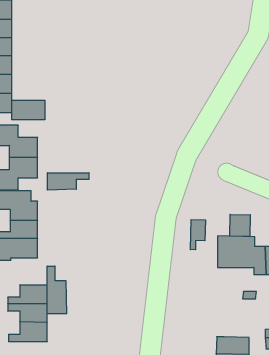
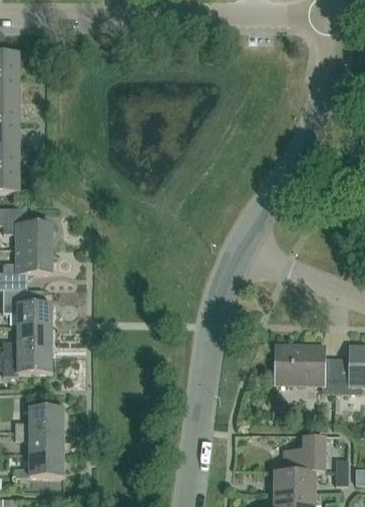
building: [12,100,45,120] -> none
building: [48,173,89,190] -> none
building: [230,214,250,237] -> none
building: [190,220,205,250] -> none
building: [47,266,67,314] -> none
building: none -> [283,436,323,471]

